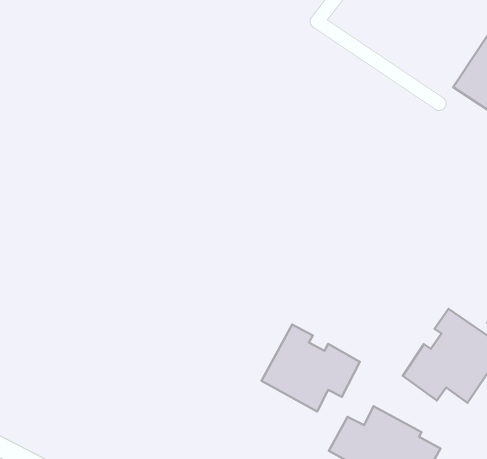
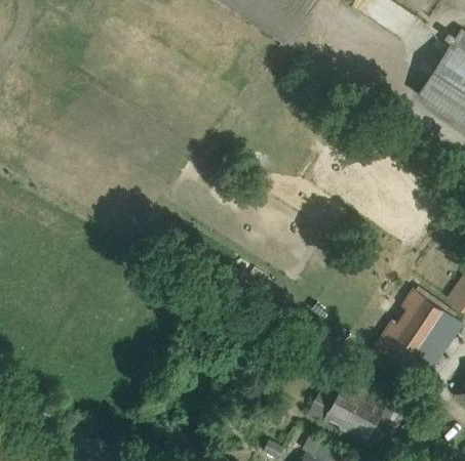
building: [262,325,360,411] -> none

